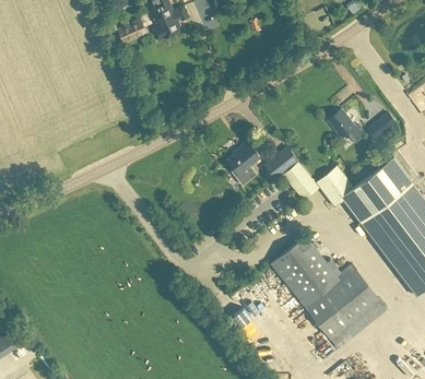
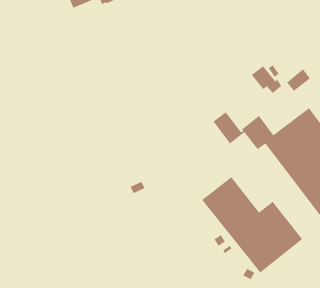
building: [226,142,259,183] -> none
building: [264,147,296,177] -> none

